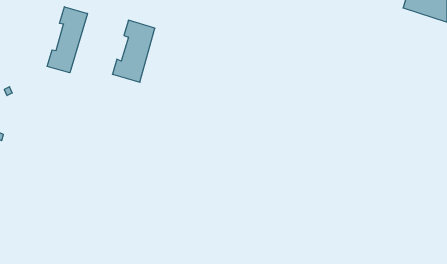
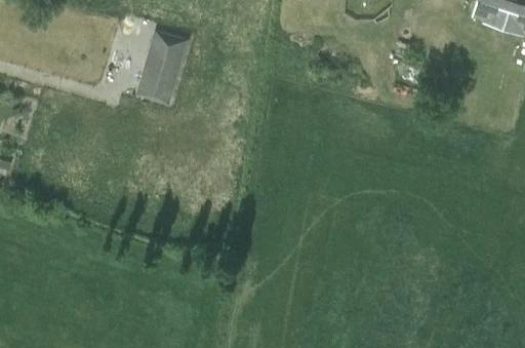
building: [47,7,87,73] -> none

